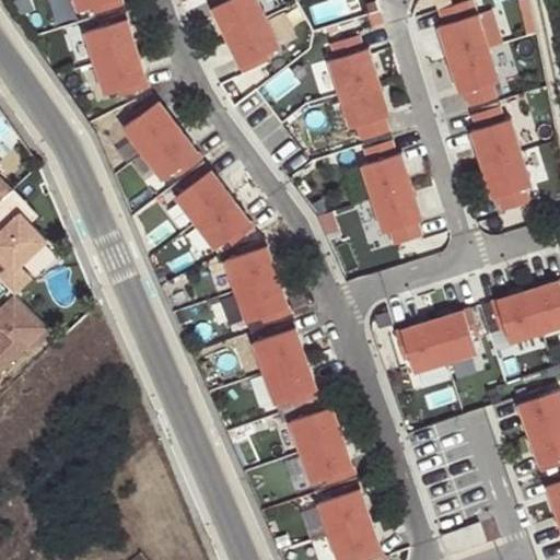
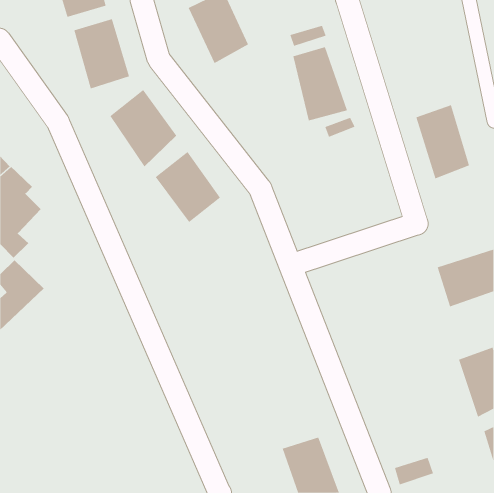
building: [435,14,503,105] -> none
building: [361,158,422,233] -> none
building: [225,248,285,327] -> none
building: [402,312,478,374] -> none
building: [254,330,318,410] -> none
building: [287,409,353,488] -> none

